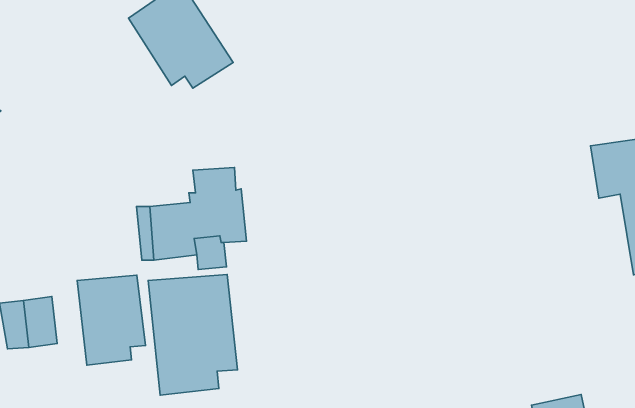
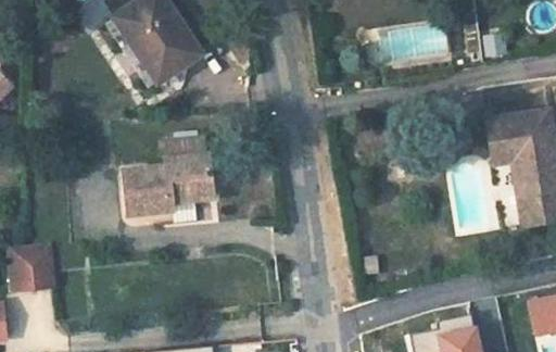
building: [148,275,238,395] -> none
building: [77,275,145,365] -> none

